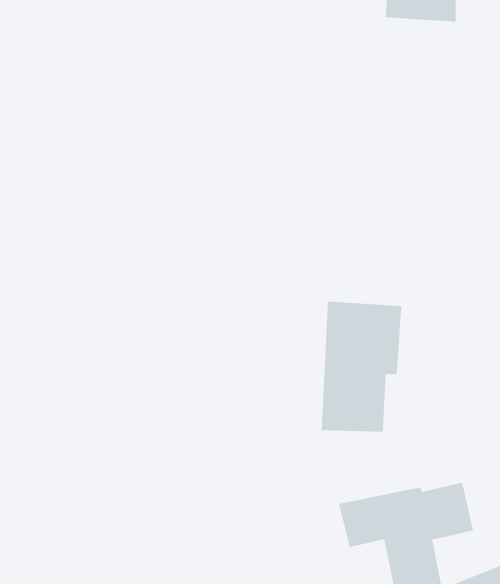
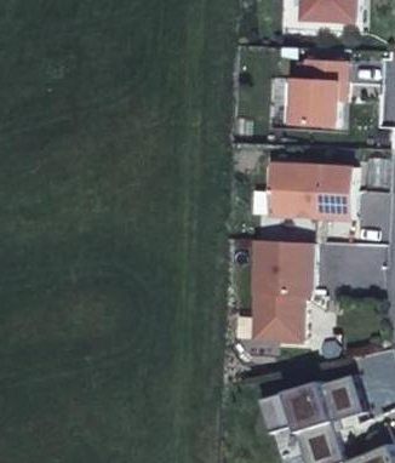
building: none -> [288,61,345,125]
building: none -> [268,162,355,219]

